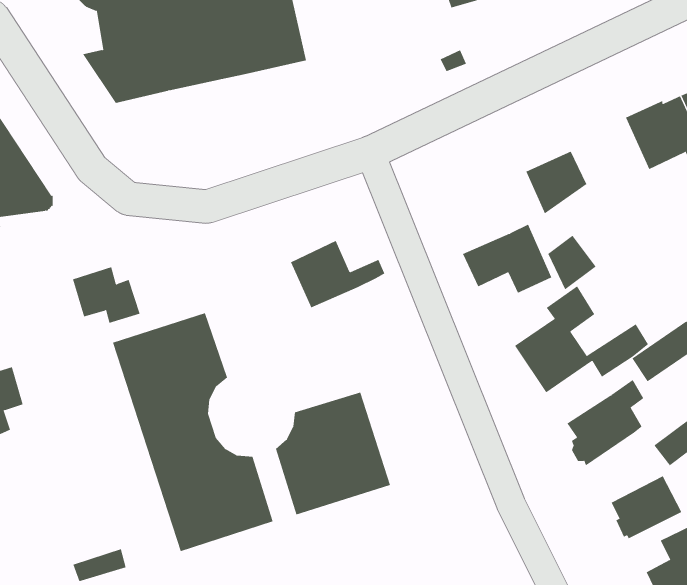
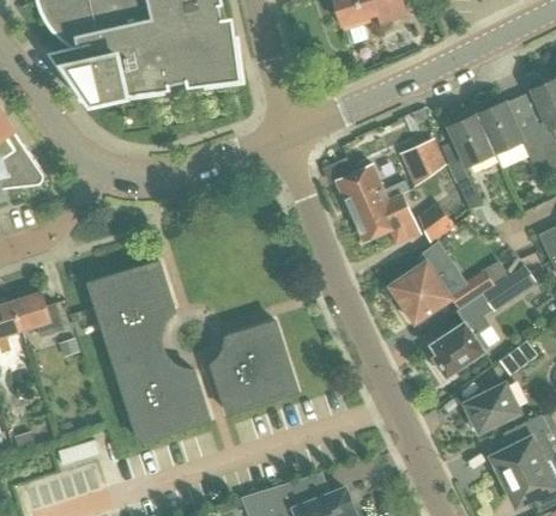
building: none -> [443,114,494,210]
building: [290,240,385,308] -> [337,165,409,217]
building: [72,266,140,323] -> [12,292,64,335]

